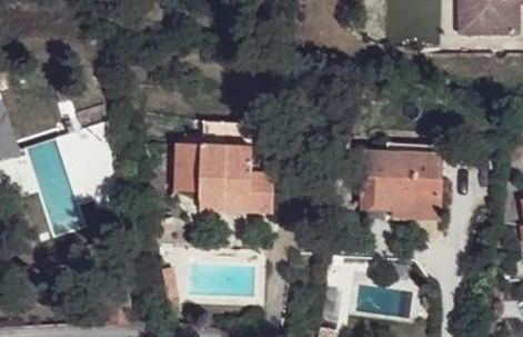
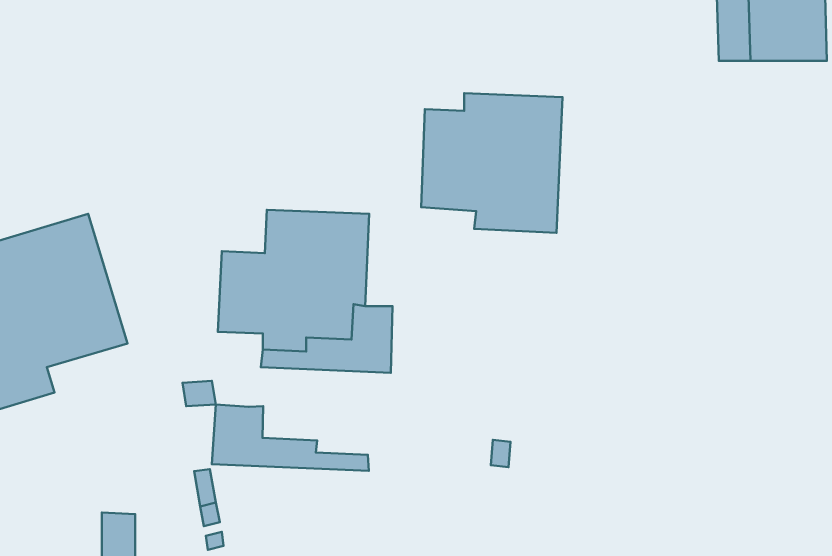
building: [361,143,441,222] -> [421,93,563,233]
building: none -> [212,404,369,471]

